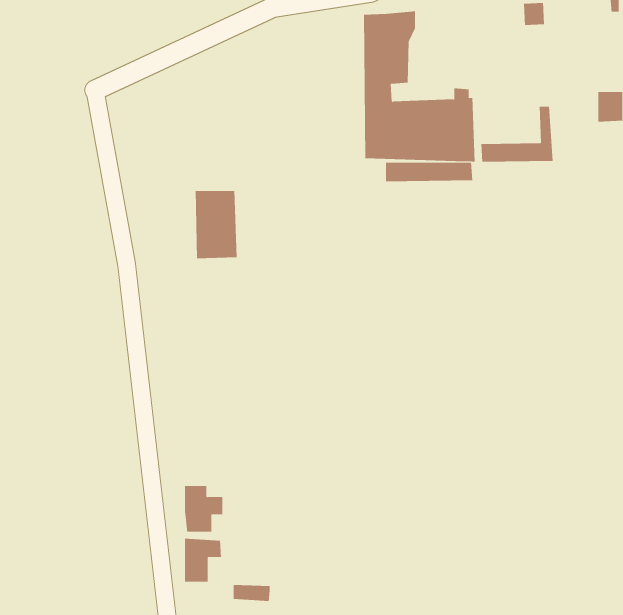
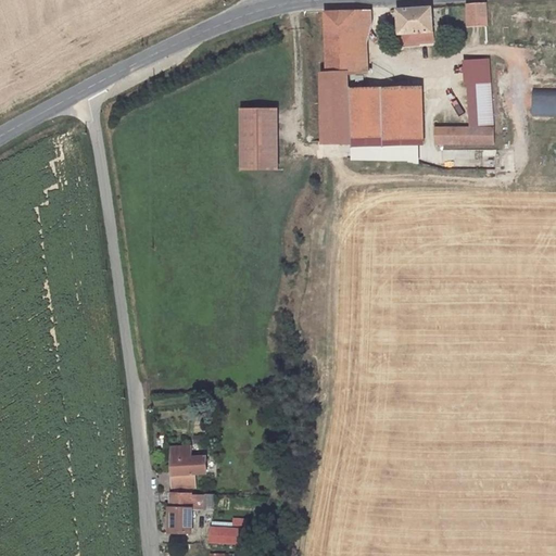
building: none -> [397,5,431,41]
building: none -> [466,61,490,96]
building: [195,190,238,259] -> [241,113,279,174]

